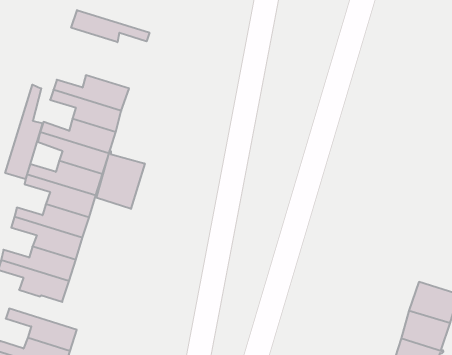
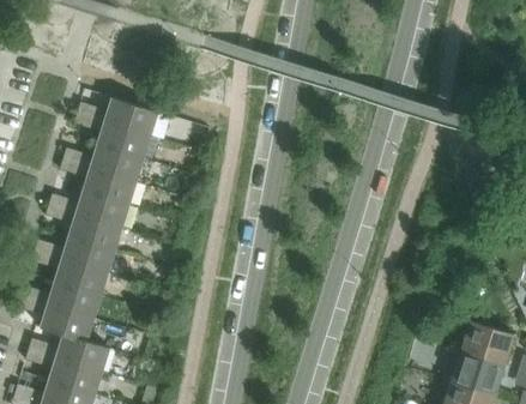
building: [71,10,149,42] -> none
building: [5,85,42,179] -> none
building: [96,151,145,209] -> none
building: none -> [29,336,109,373]

